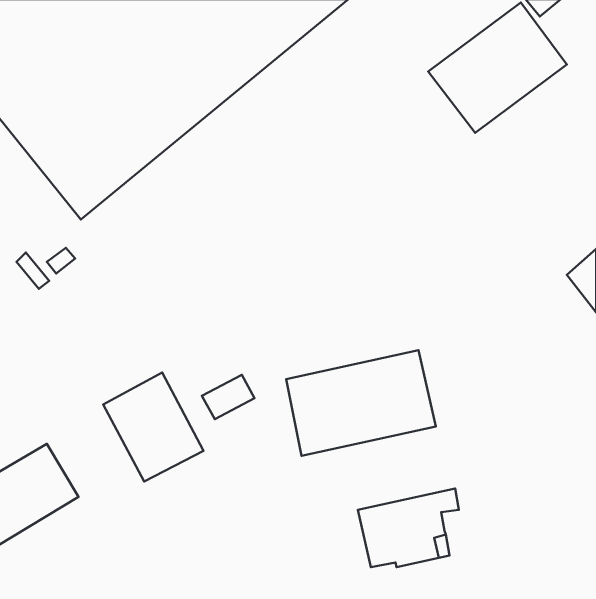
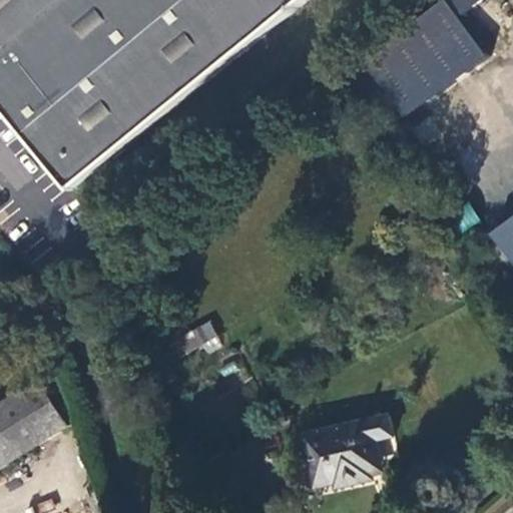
building: [286,350,436,456] -> none
building: [103,373,204,481] -> none

